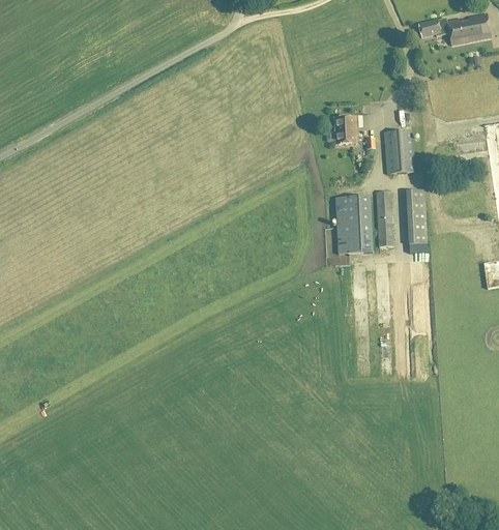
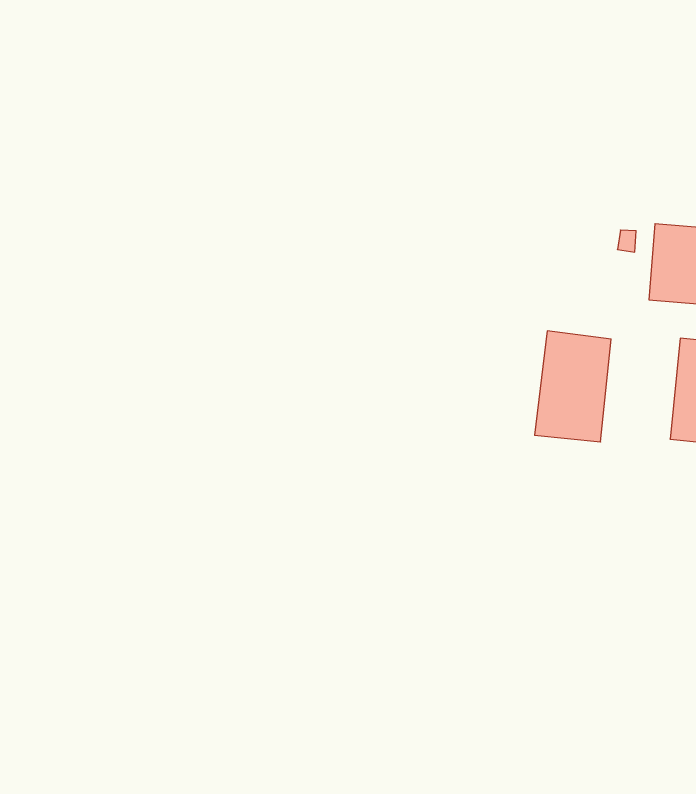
building: [334,116,357,144] -> none
building: [377,192,394,246] -> none

